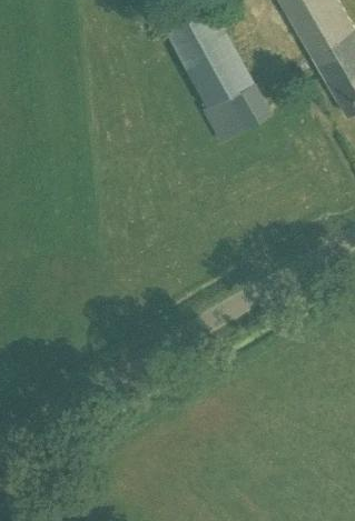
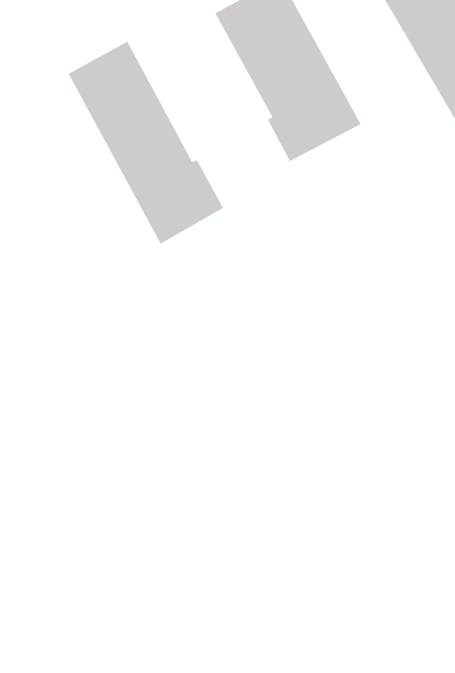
building: none -> [68,41,224,245]

